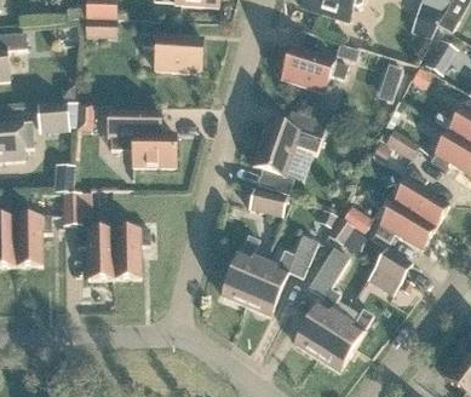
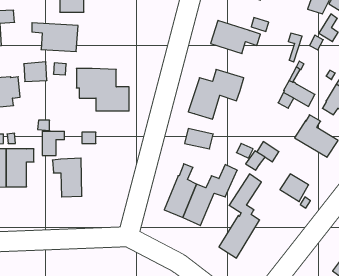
building: [142,34,202,71] -> [32,23,78,51]
building: [374,201,435,249] -> none
building: [113,228,149,277] -> none
building: [316,309,372,372] -> none

